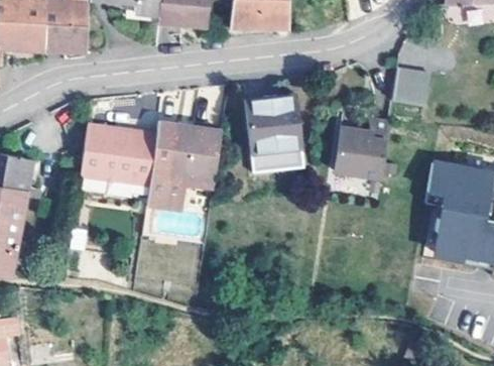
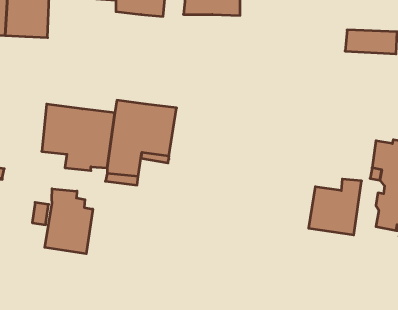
building: [393,69,429,104] -> none
building: [247,93,301,167] -> none
building: [335,120,390,178] -> [309,179,362,235]
building: none -> [45,189,93,254]

